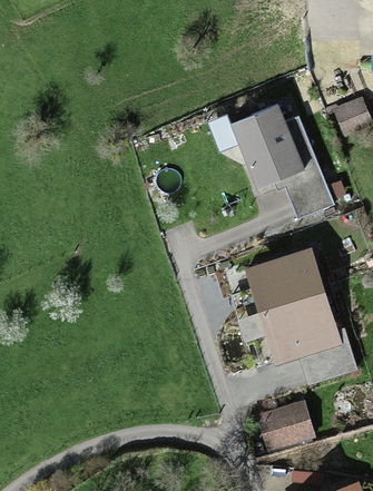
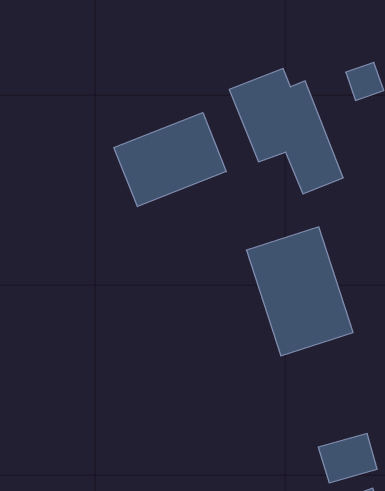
building: none -> [114,113,226,207]
building: [259,402,313,446] -> [318,434,377,483]

